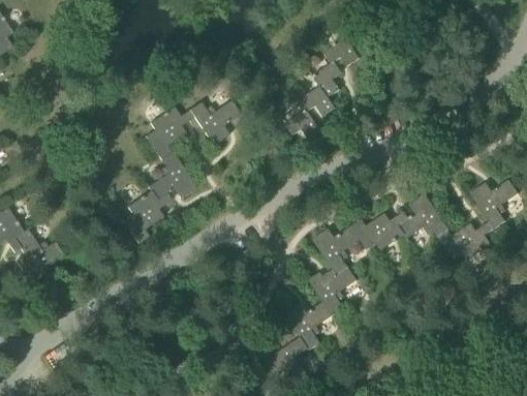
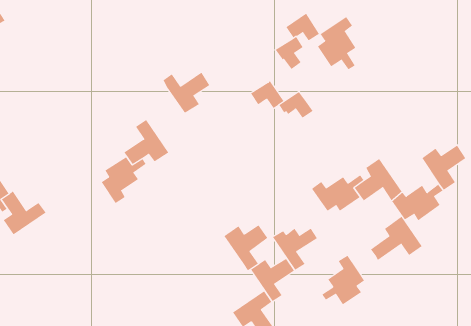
building: none -> [317,16,356,70]
building: [298,86,336,116] -> [278,91,314,119]
building: [144,108,193,159] -> none
building: [312,226,361,277] -> [224,225,268,271]
building: none -> [370,216,422,261]
building: none -> [321,255,365,305]

